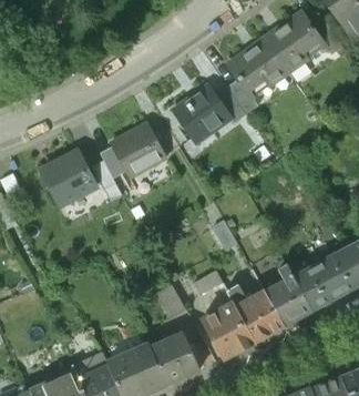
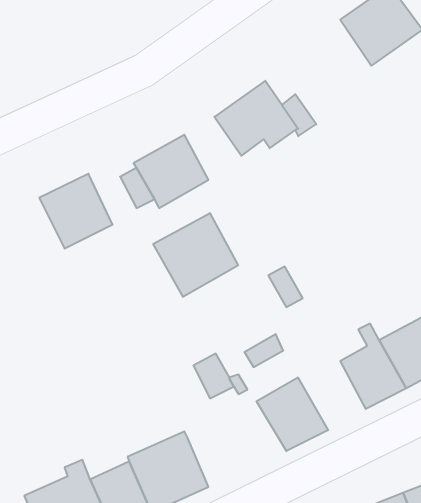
building: [227,38,287,98] -> none
building: none -> [153,213,238,297]
building: [226,284,283,342] -> none
building: [151,333,199,384] -> none

